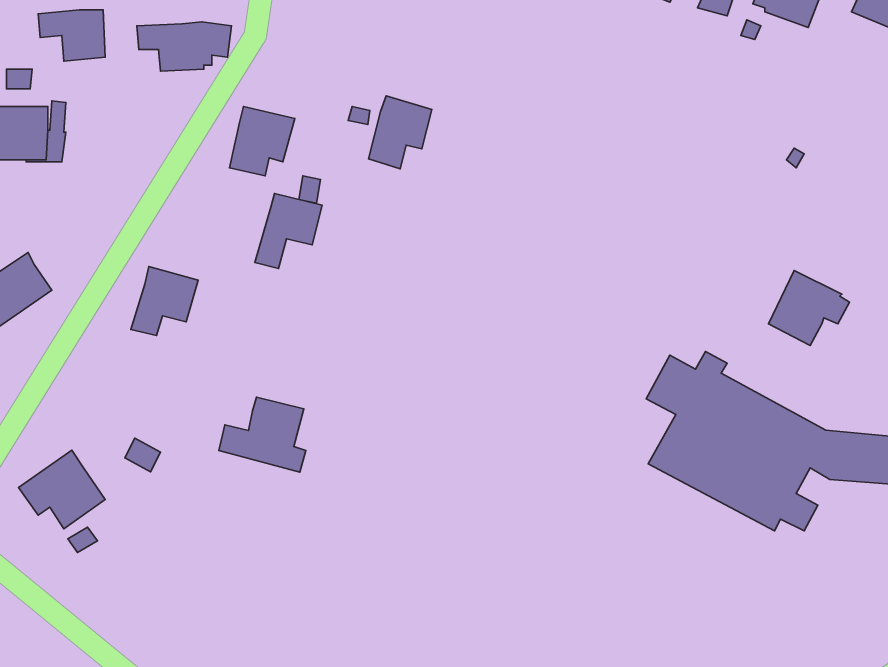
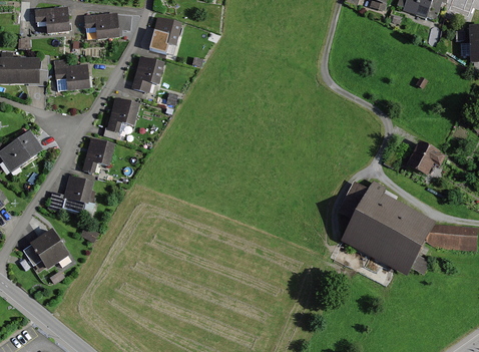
building: [369,96,432,169] -> [149,18,181,55]
building: none -> [55,59,90,91]
building: [255,193,322,268] -> [105,99,139,137]
building: [219,397,306,472] -> [50,178,94,216]

